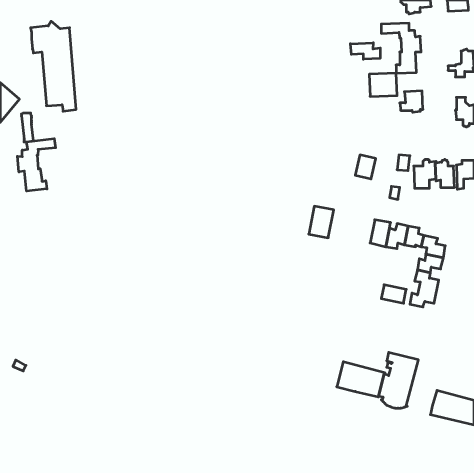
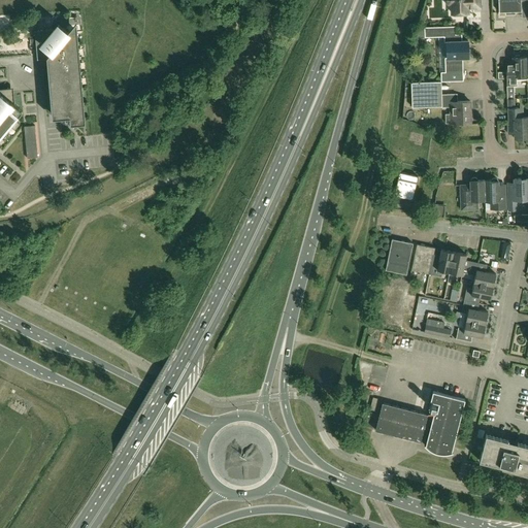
building: [350,43,380,59] -> none
building: [17,139,56,191] -> none
building: [309,206,334,238] -> [385,240,412,275]

